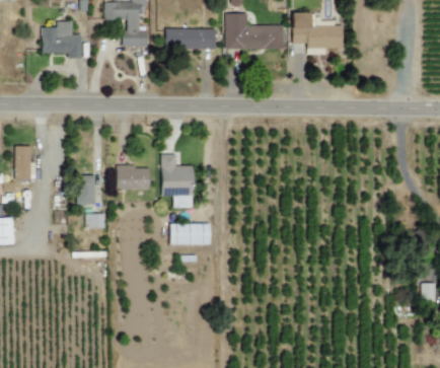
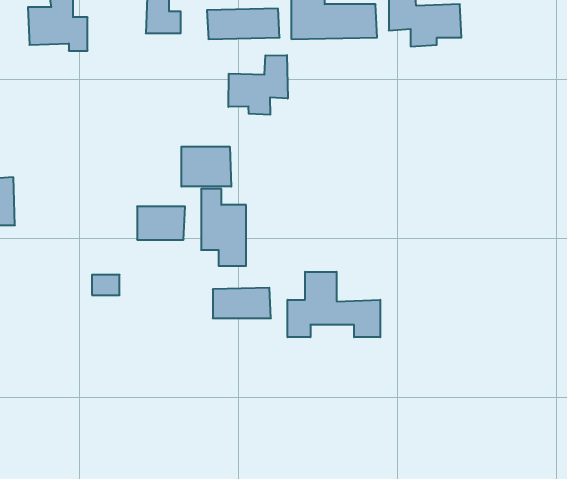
building: none -> [228,55,288,115]
building: none -> [181,147,231,187]
building: [77,175,96,205] -> none
building: none -> [288,272,380,337]

